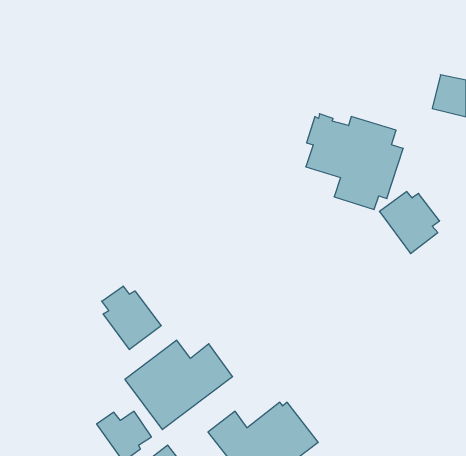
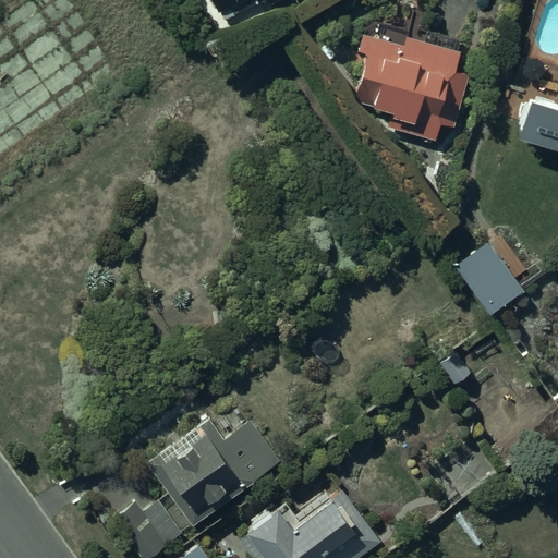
building: [306,114,403,210] -> [355,28,472,143]
building: [102,286,161,350] -> none

